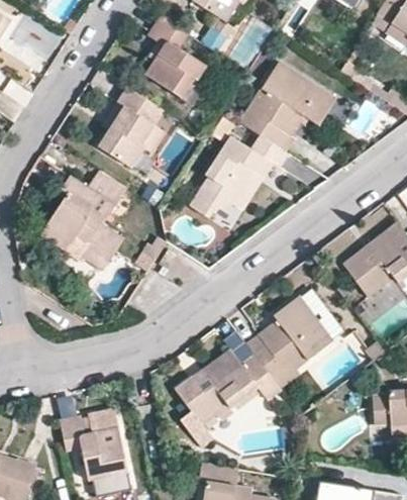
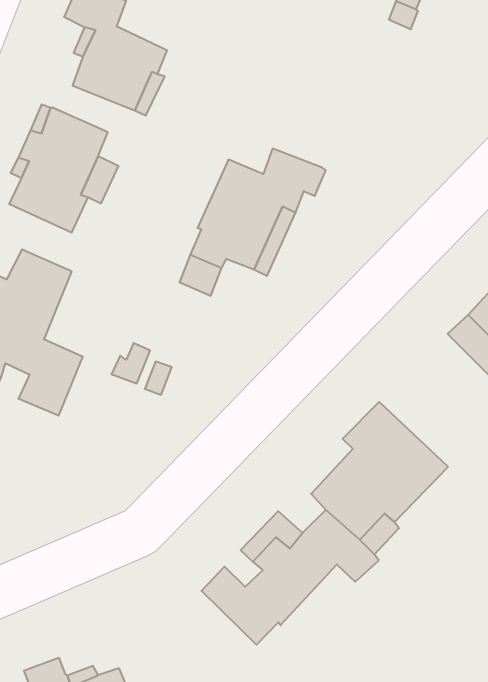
building: [240,61,336,152] -> none

